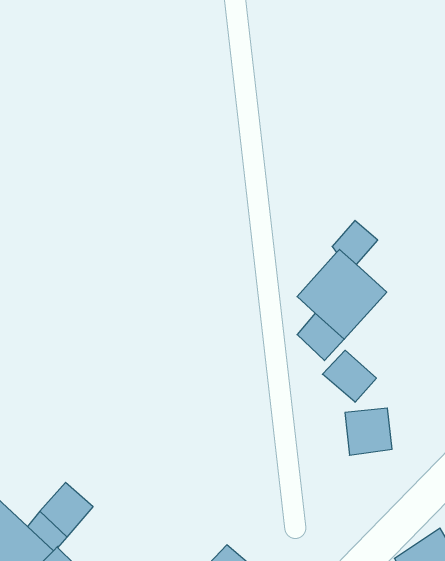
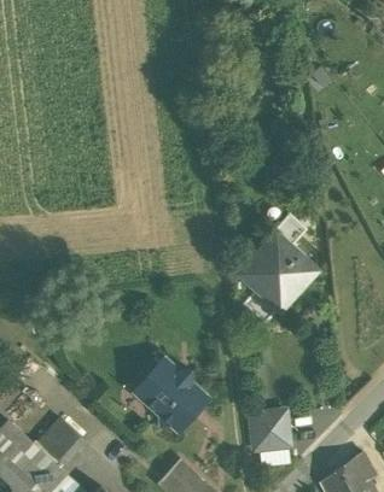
building: [322,350,376,402] -> none
building: none -> [141,357,204,430]
building: [345,408,392,455] -> [251,412,289,450]

